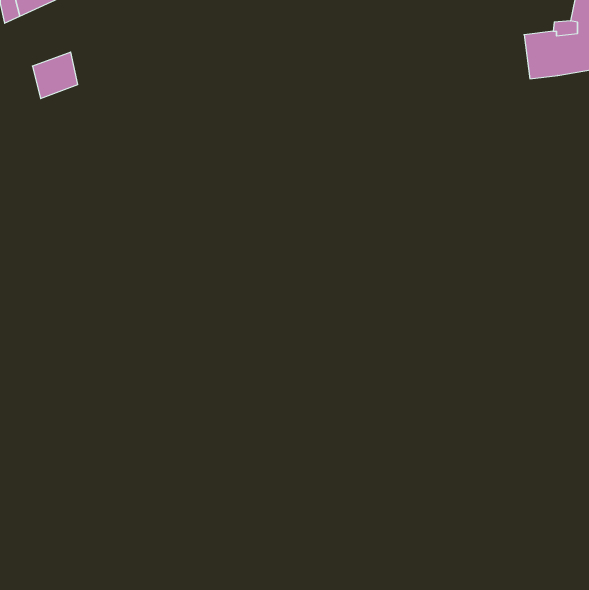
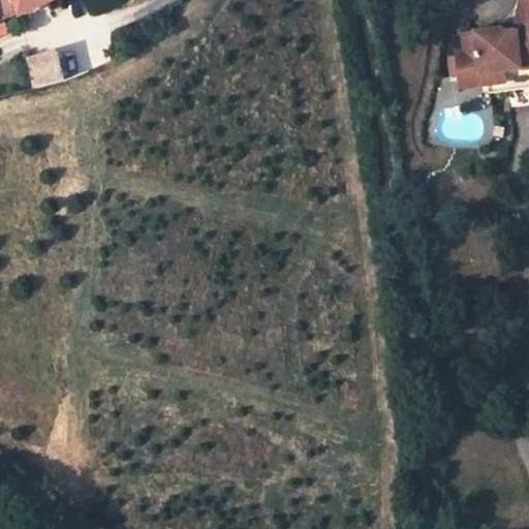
building: none -> [452,31,502,88]

